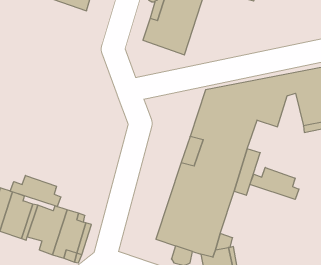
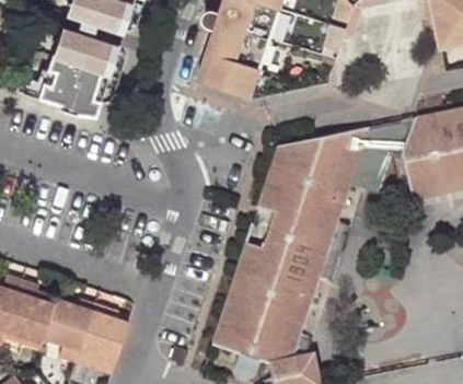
building: none -> [36,30,116,120]
building: [250,167,299,199] -> none
building: [10,175,61,207] -> none

